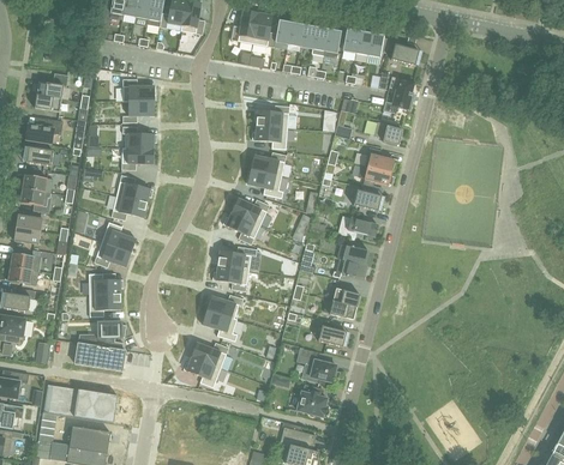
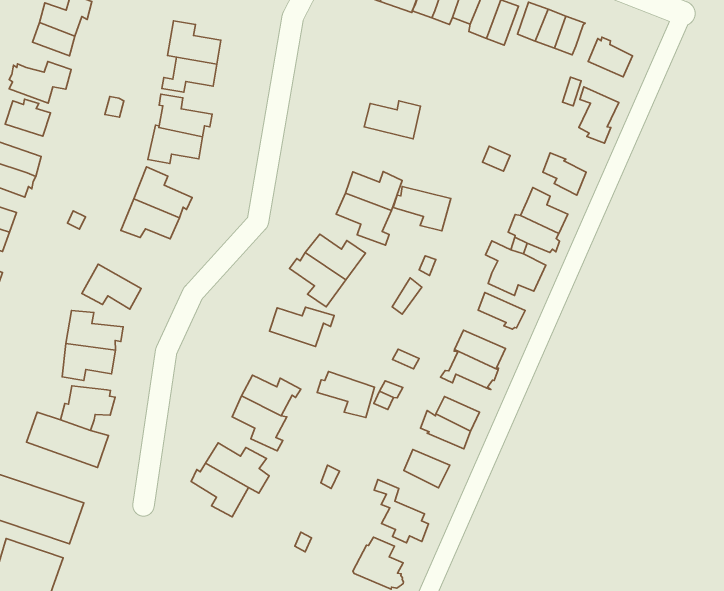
building: [252,125,288,149] -> [393,187,451,231]
building: [101,221,136,252] -> none
building: [212,265,248,290] -> [317,372,375,418]

